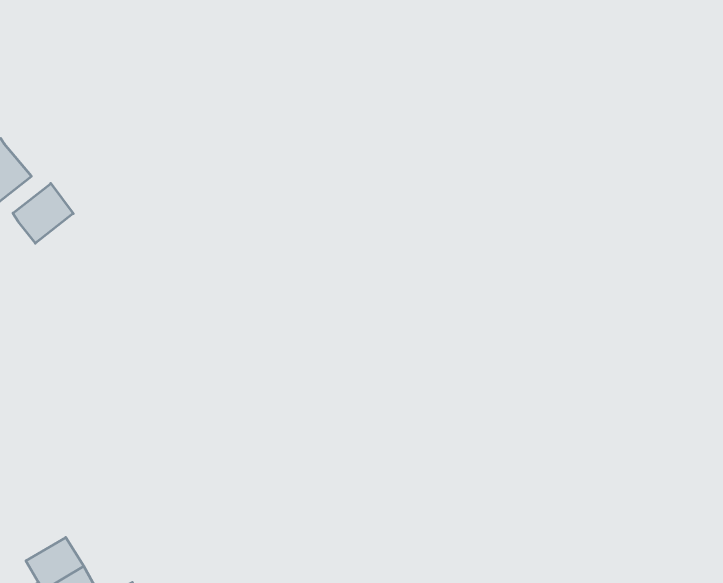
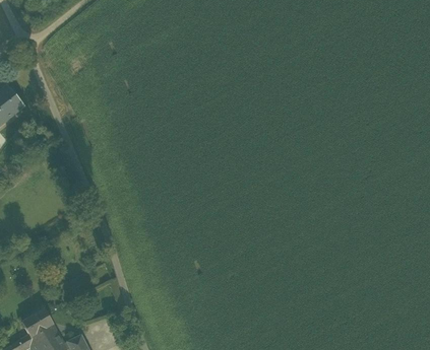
building: [13,183,73,243] -> none

